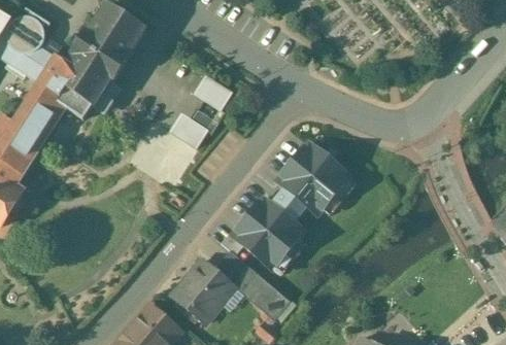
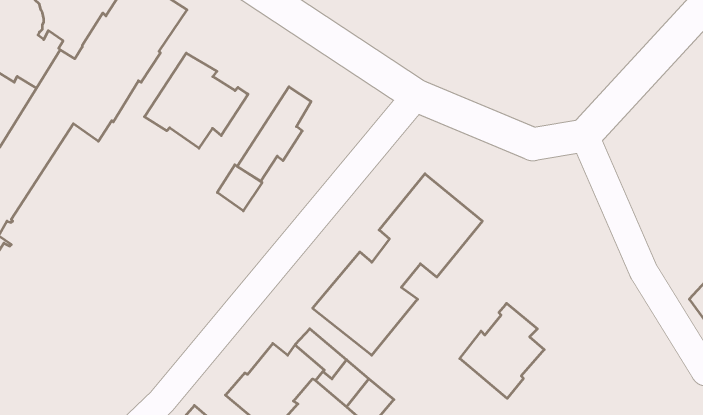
building: none -> [144,53,248,148]
building: none -> [217,165,262,211]
building: none -> [460,303,544,398]

